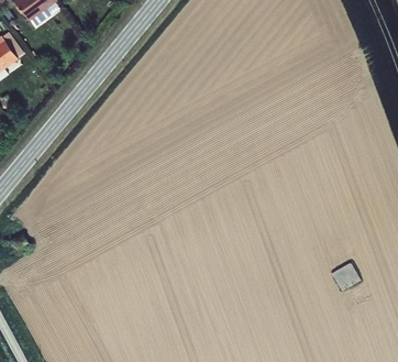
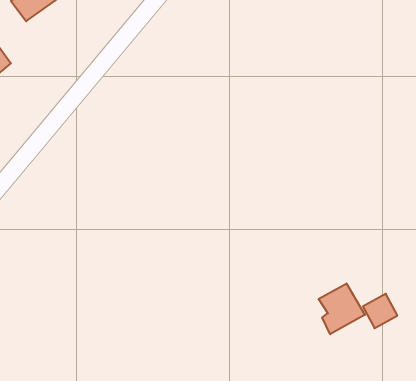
building: none -> [319,283,365,334]

